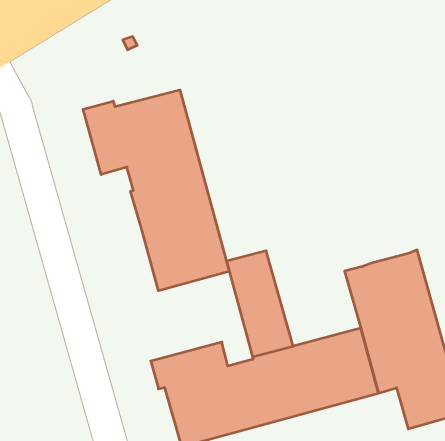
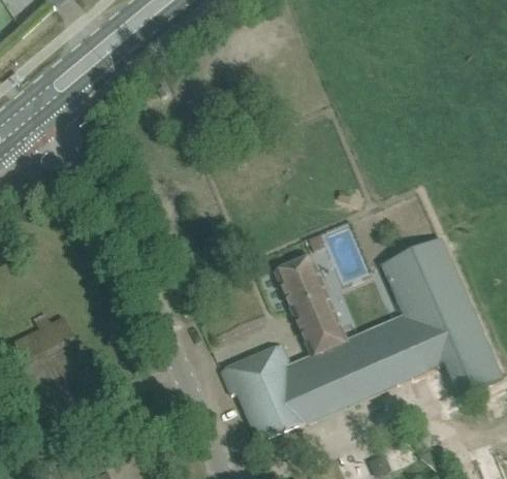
building: [83,90,229,291] -> none

